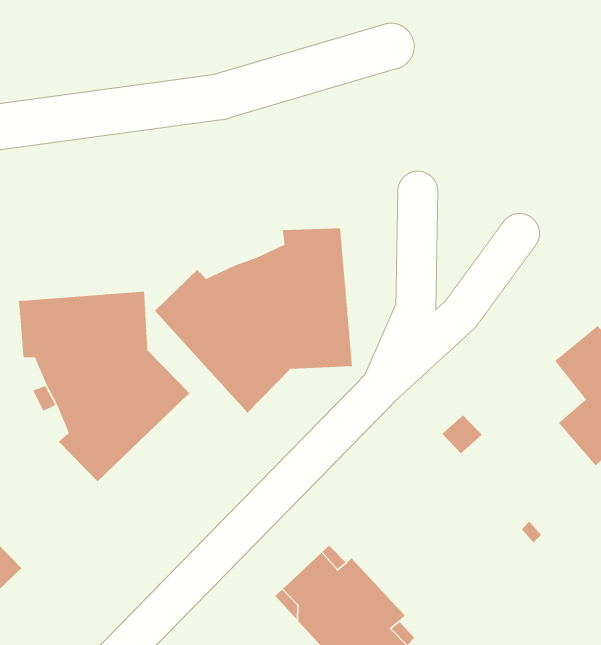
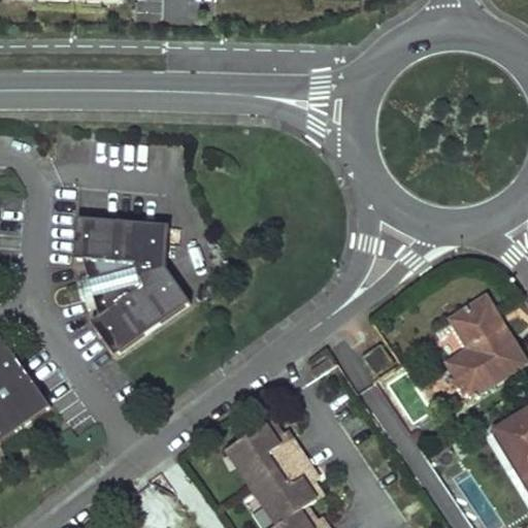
building: [154,228,353,413] -> none

